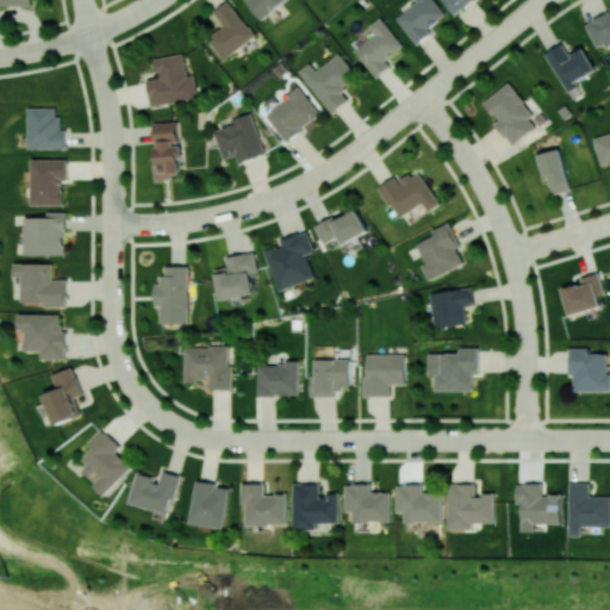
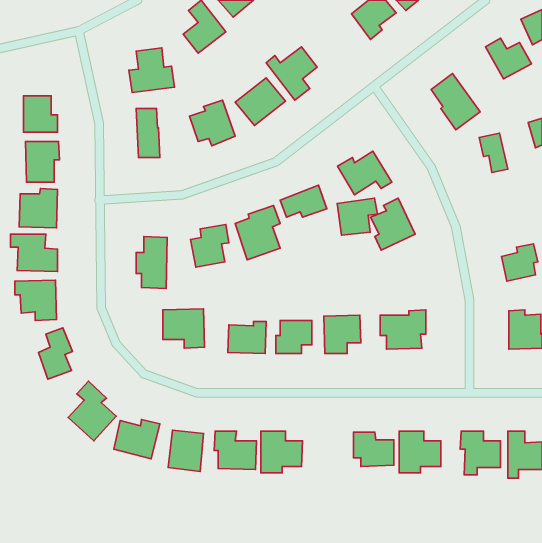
building: [351,18,402,77] -> none
building: [428,287,473,329] -> [337,198,378,235]
building: [343,484,390,522] -> none

